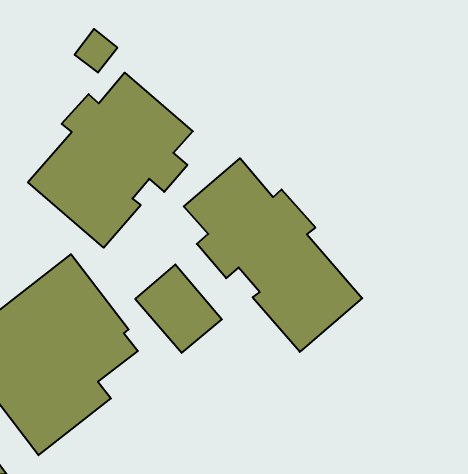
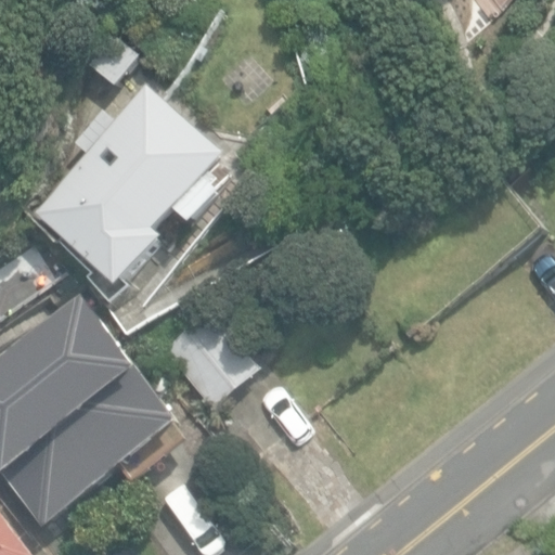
building: [184,158,362,352] -> none

